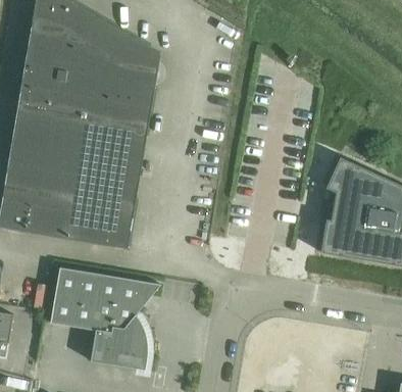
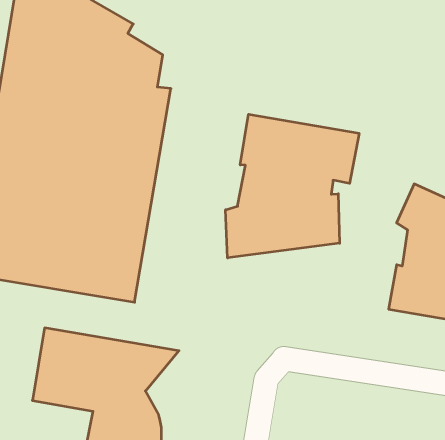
building: none -> [226,114,359,258]

